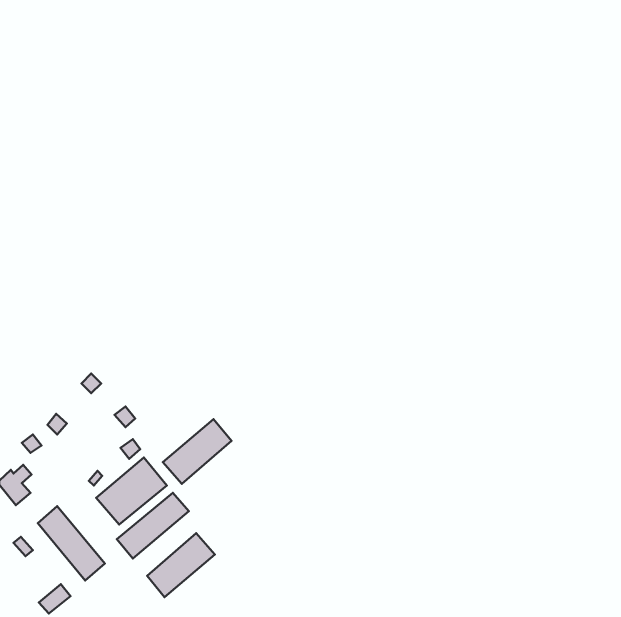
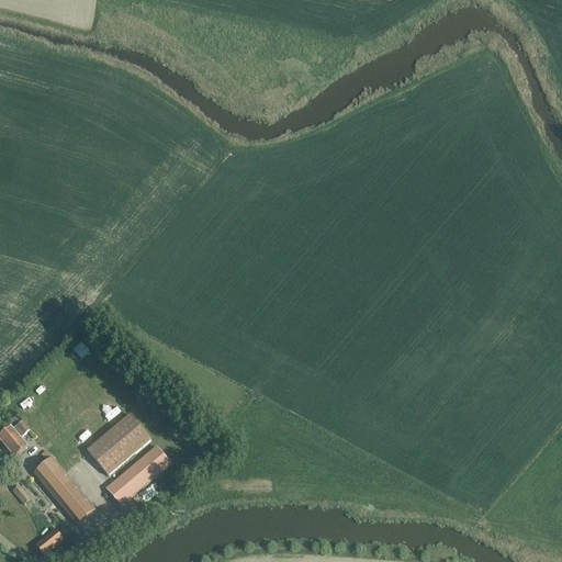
building: [163,419,231,484] -> none
building: [147,533,215,597] -> none

